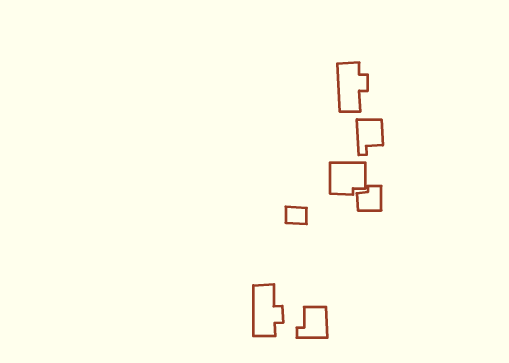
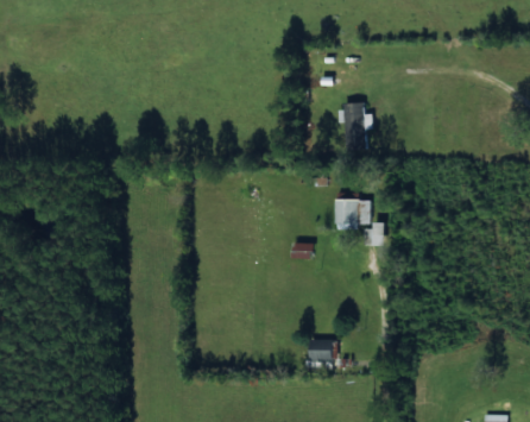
building: [357,119,383,155] -> none
building: [253,284,283,336] -> none

